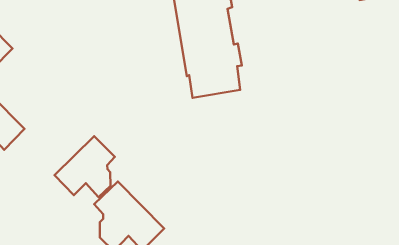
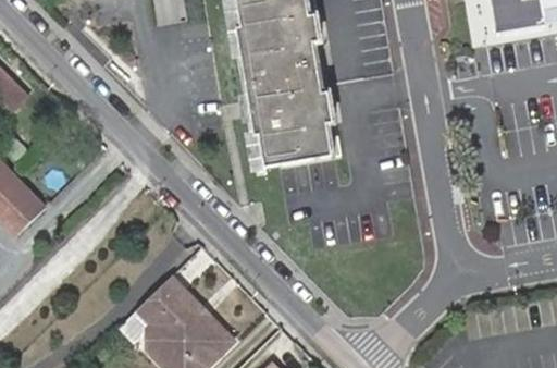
building: [54,136,115,197] -> none

